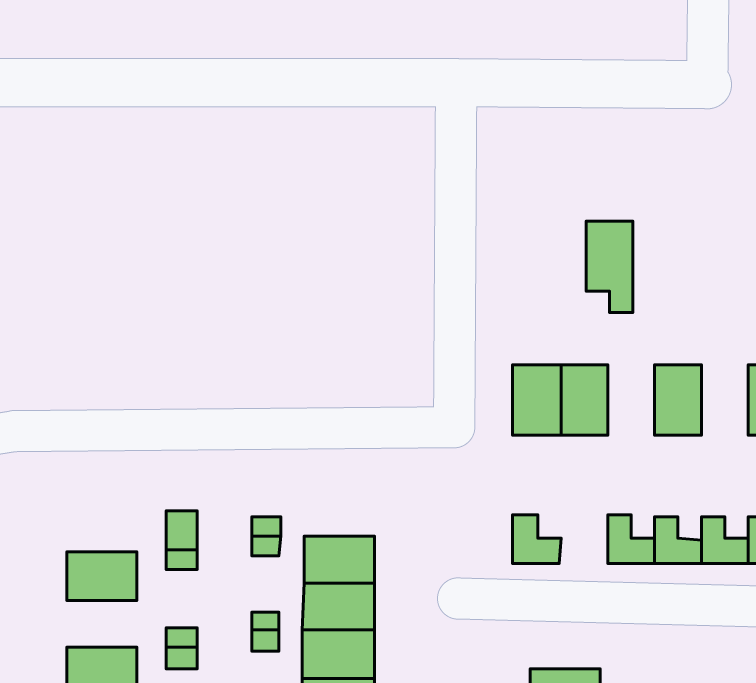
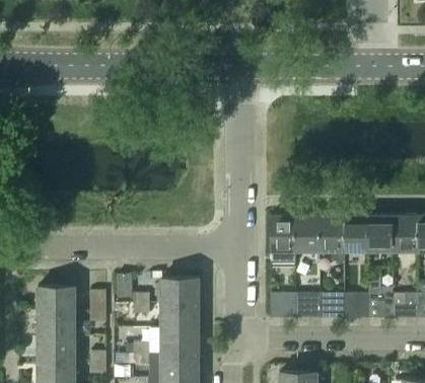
building: [586,221,633,313] -> [320,216,344,263]
building: none -> [368,216,393,252]
building: none -> [161,280,198,305]
building: none -> [38,288,74,313]
building: none -> [294,294,320,319]
building: none -> [38,338,74,363]

